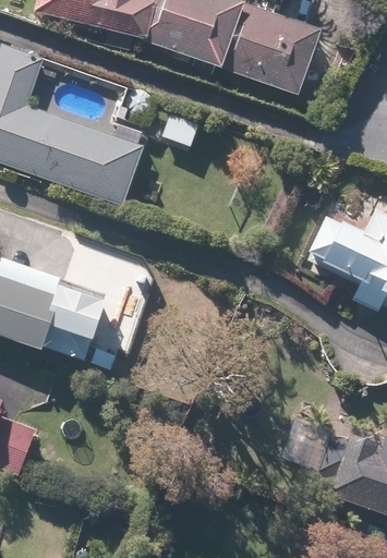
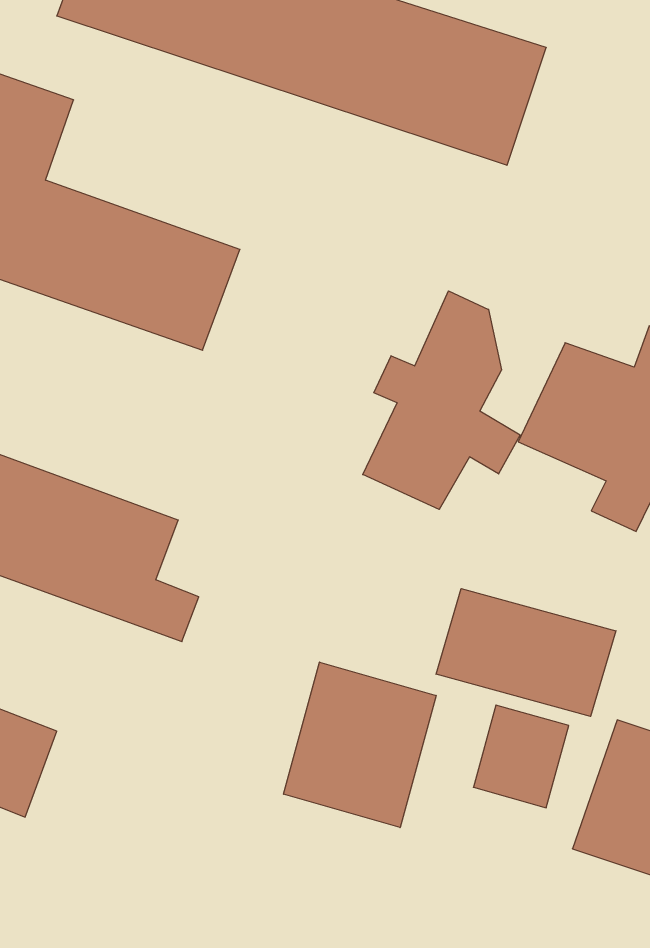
building: none -> [363,291,520,509]
building: none -> [436,589,616,716]
building: none -> [284,662,436,828]

